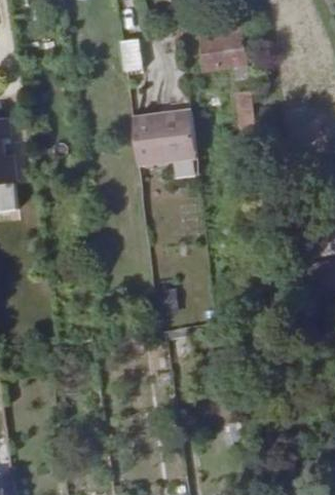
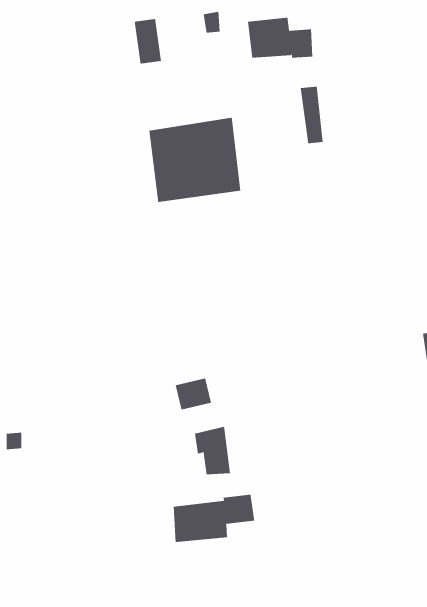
building: none -> [173,494,255,543]

